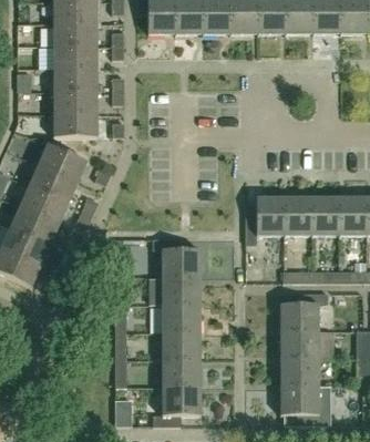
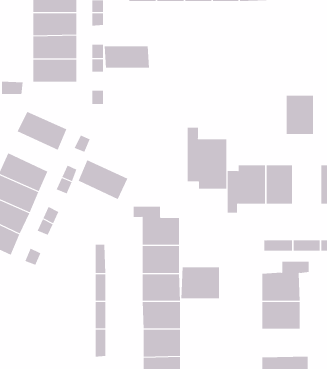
building: [53,114,99,136] -> [104,46,150,68]
building: none -> [187,127,227,189]
building: [29,163,79,203] -> [78,159,128,200]
building: [311,196,339,235] -> [286,95,314,134]
building: none -> [181,266,219,299]
building: [280,359,327,387] -> none

